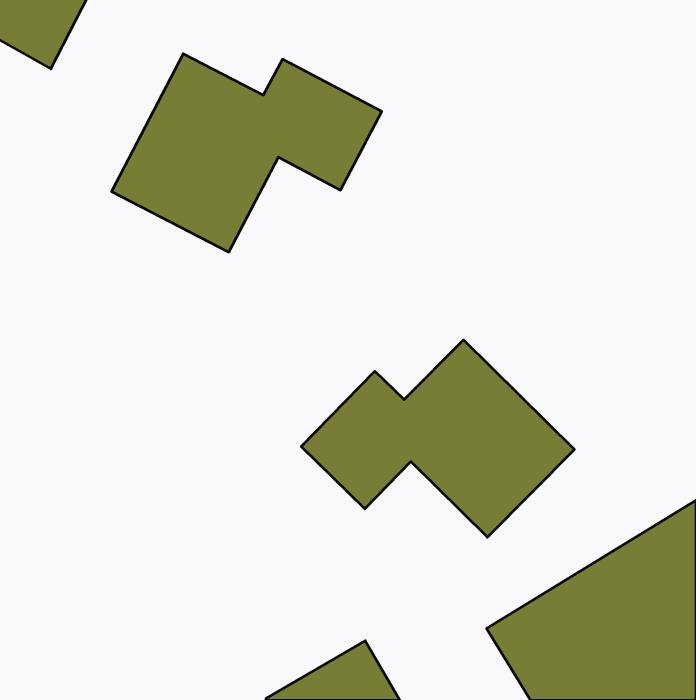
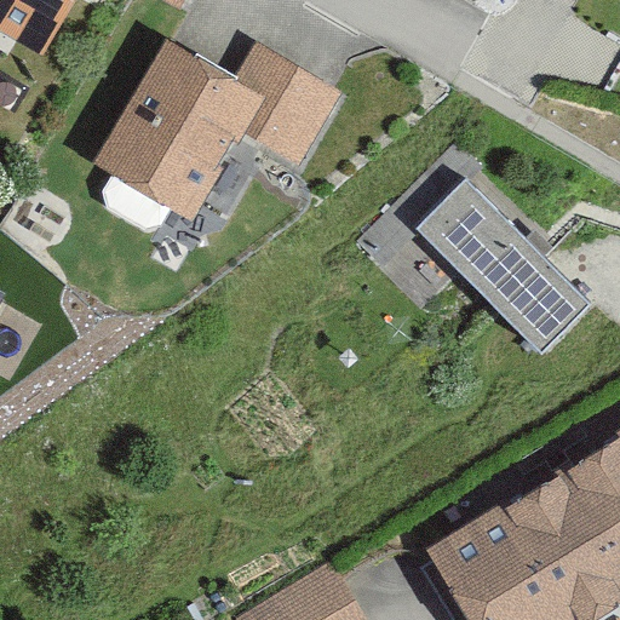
building: none -> [427,188,587,346]
building: [301,340,574,537] -> none

